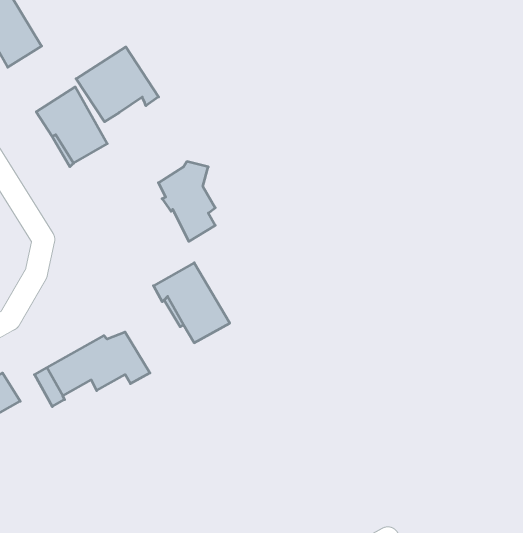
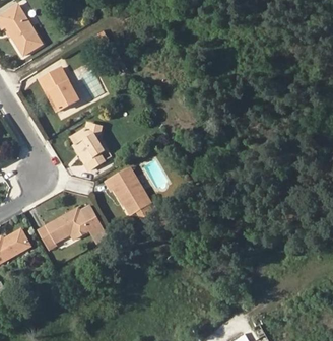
building: [76,47,159,122] -> none
building: [158,162,215,241] -> [72,123,105,168]

